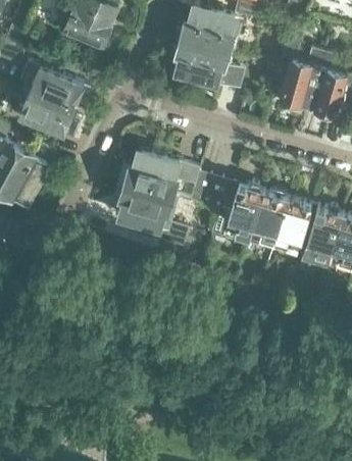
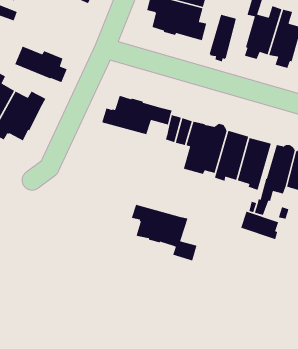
building: none -> [208,14,237,62]
building: [19,61,92,108] -> none
building: [112,182,188,247] -> [131,204,197,261]
building: none -> [240,210,279,240]

